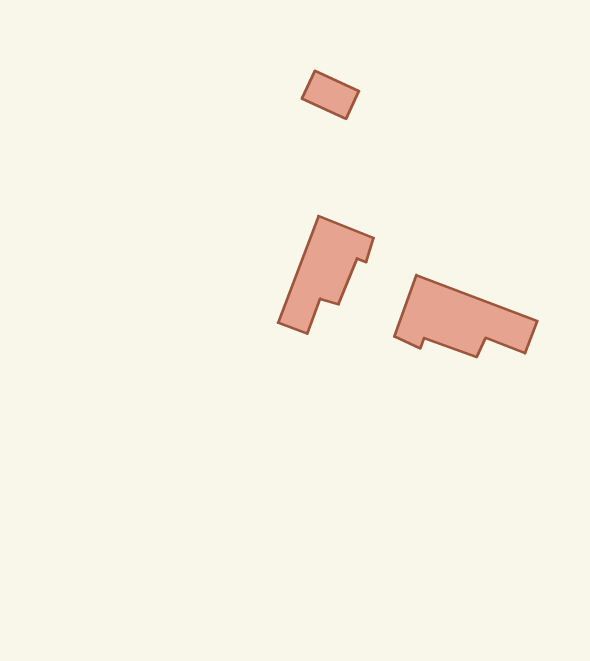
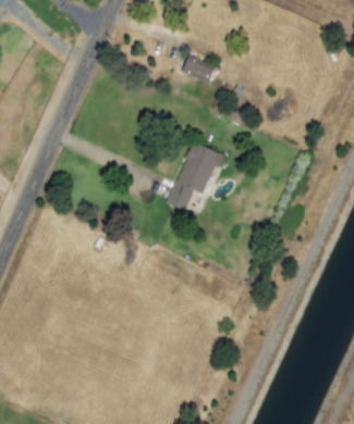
building: [394,275,537,357] -> none

